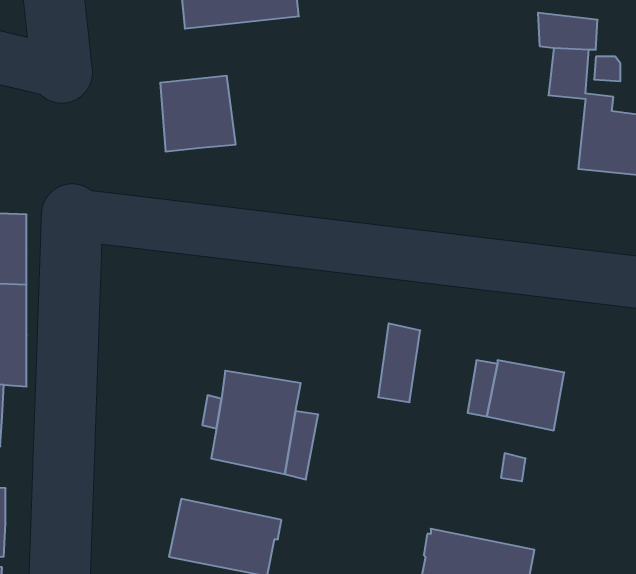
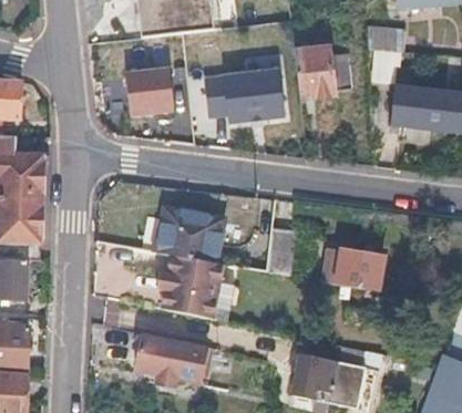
building: none -> [294,45,350,97]
building: none -> [205,66,284,123]
building: none -> [161,210,222,261]

